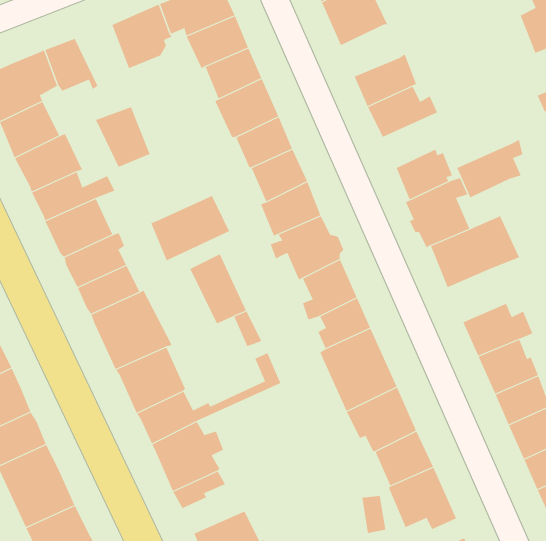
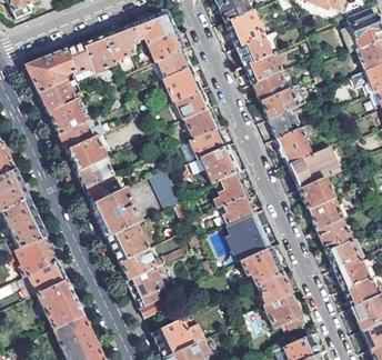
building: none -> [237,36,271,66]
building: [95,106,151,167] -> [82,36,114,71]
building: [457,139,523,198] -> [261,84,300,119]
building: [151,195,230,261] -> none
building: none -> [299,178,333,209]

